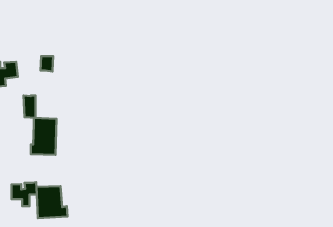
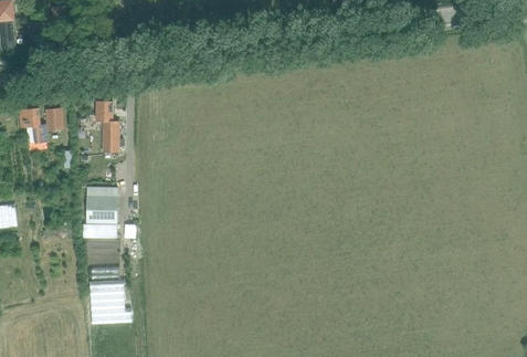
building: [24,96,36,118] -> [101,120,117,151]
building: [11,182,37,206] -> none

